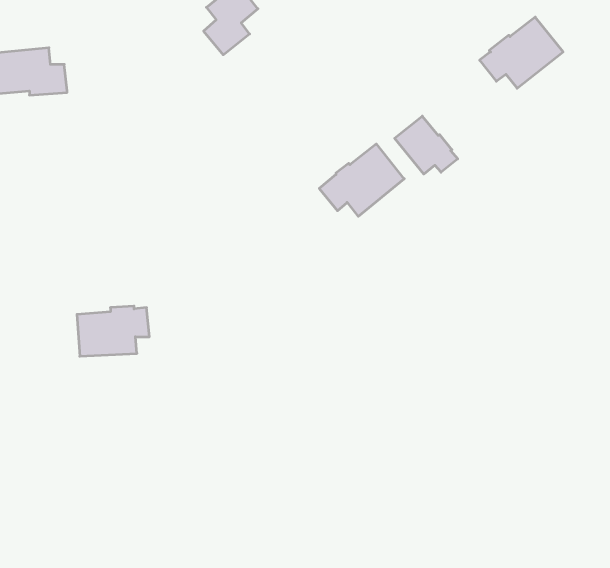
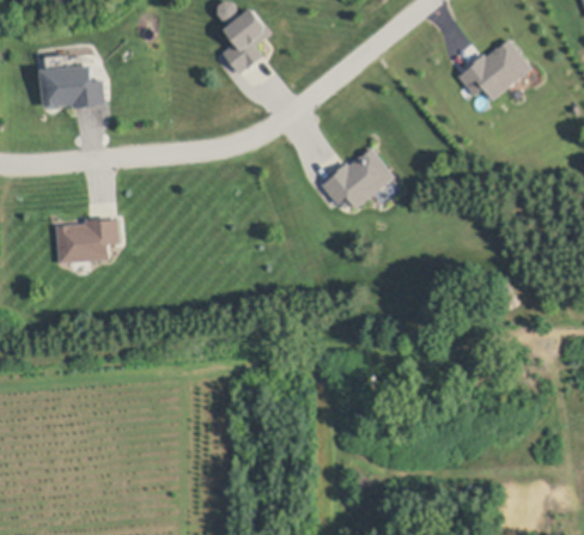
building: [395,116,458,174] -> none
building: [77,306,149,356] -> [55,218,117,261]

